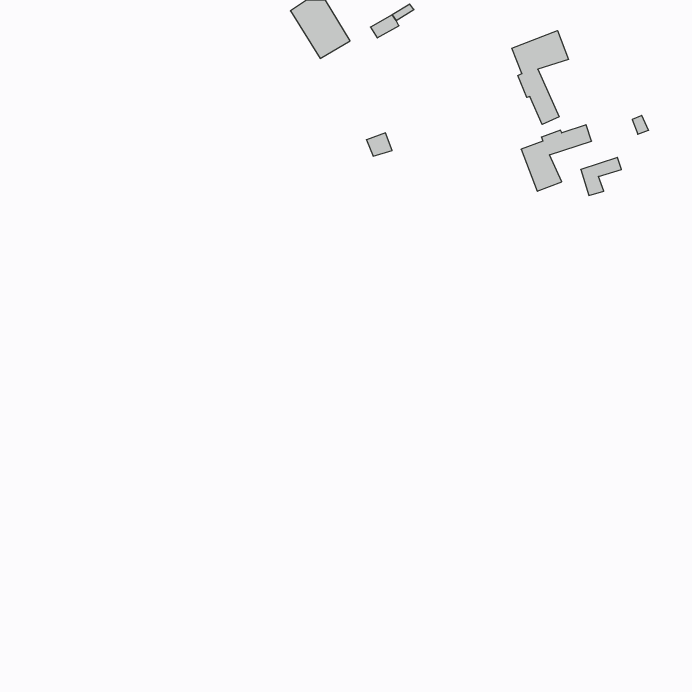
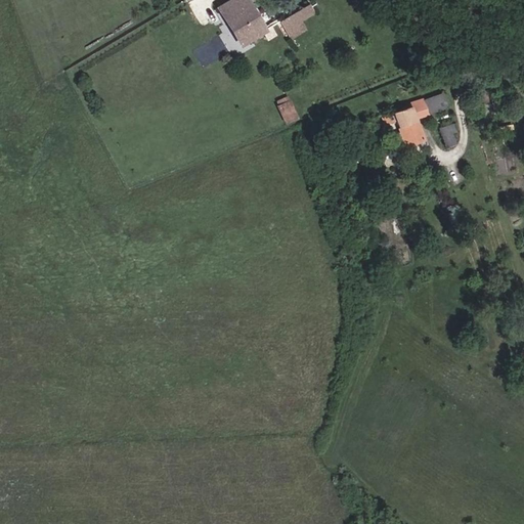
building: [512,31,569,124] -> none

